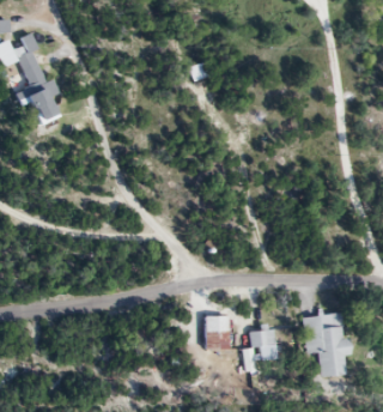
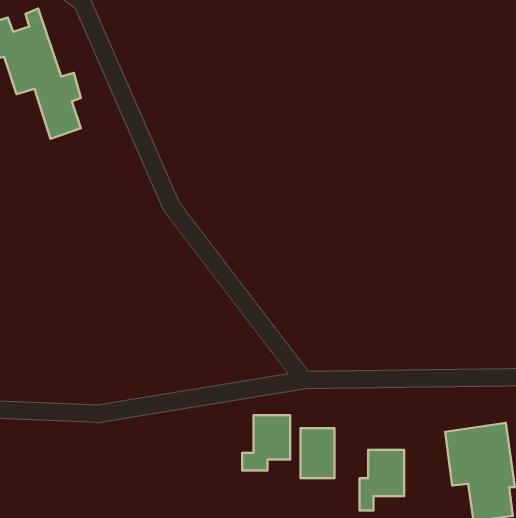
building: none -> [242,415,290,470]

